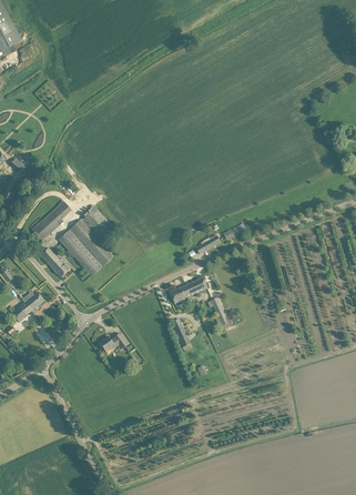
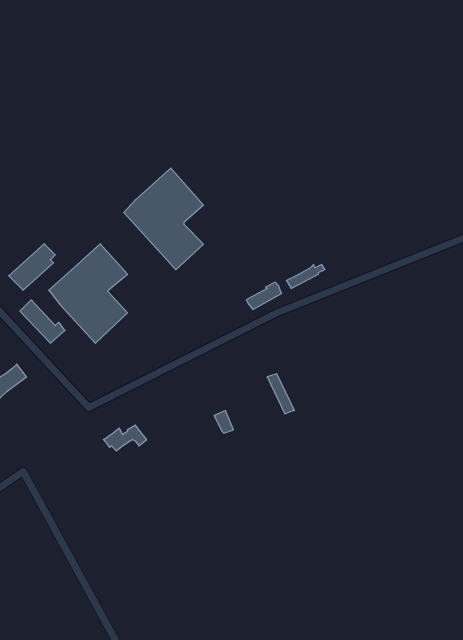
building: none -> [124,168,203,270]
building: [169,277,207,303] -> none

